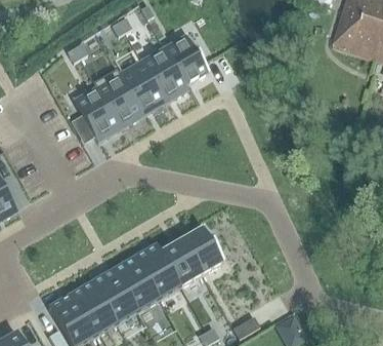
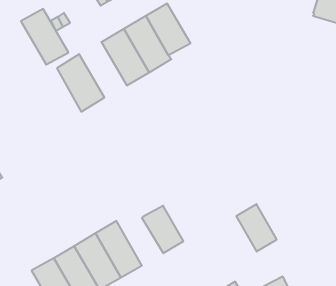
building: [95,73,143,129] -> [21,9,68,65]
building: [180,227,221,275] -> [236,204,277,252]
building: [133,242,180,300] -> none

